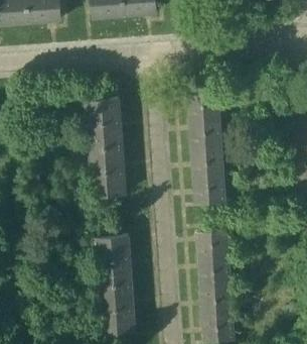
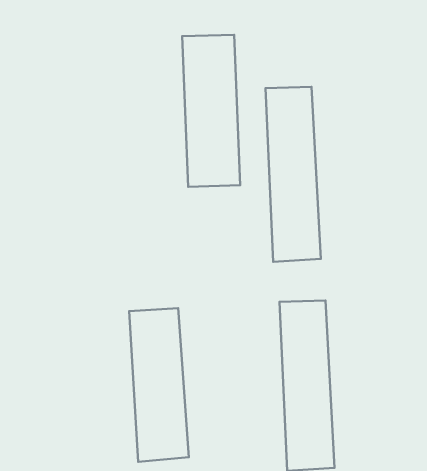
building: [87,97,125,197] -> [182,35,240,187]

